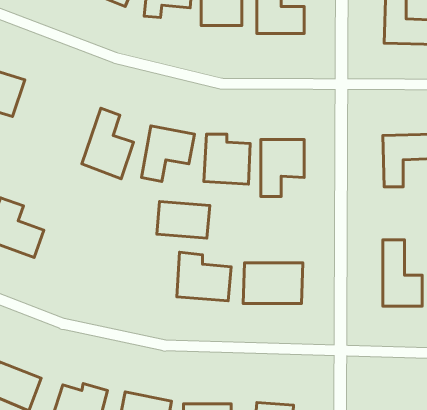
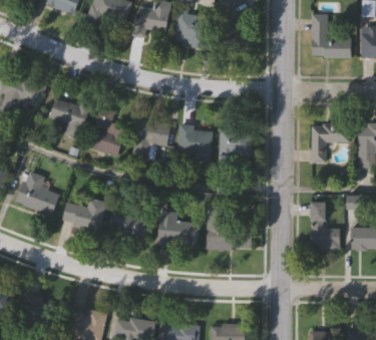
building: none -> [49,95,90,139]
building: [157,202,210,238] -> [110,213,149,240]
building: none -> [61,197,106,232]

